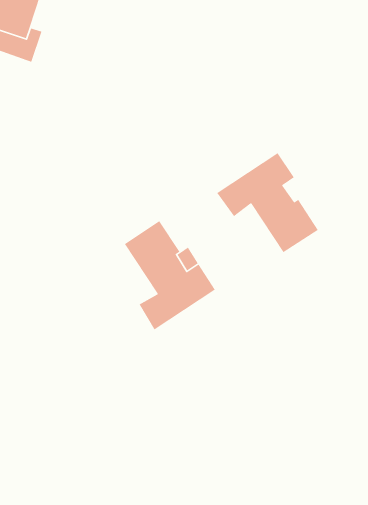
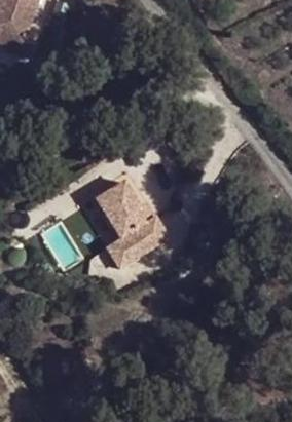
building: [216,152,319,253] -> none

